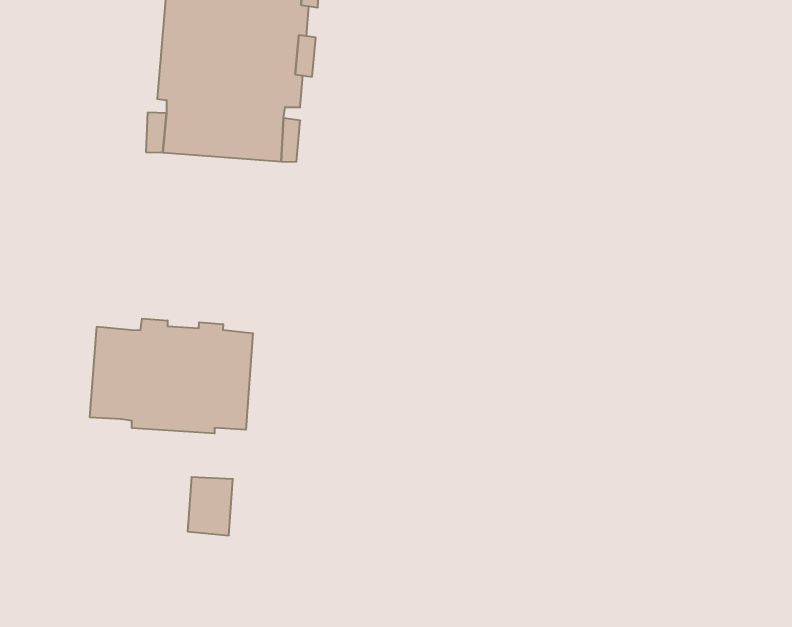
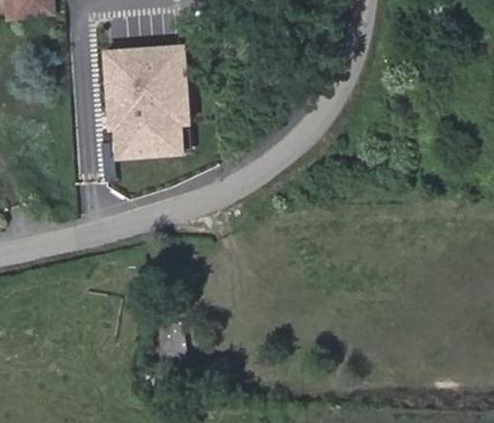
building: [90,319,253,434] -> none

